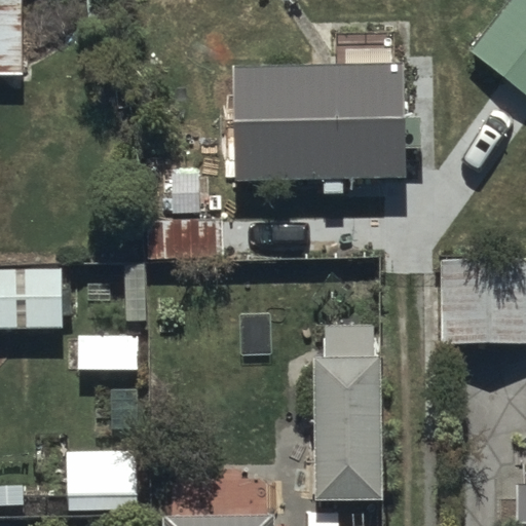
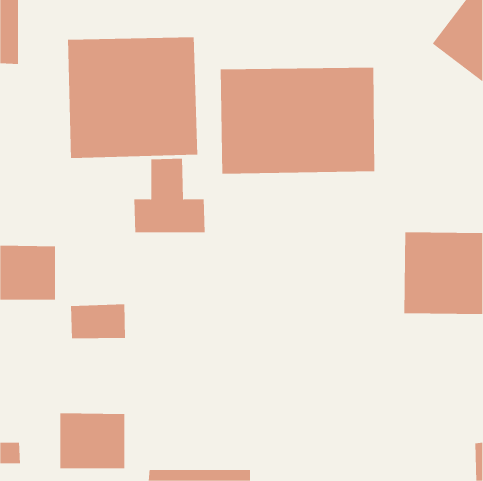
building: none -> [68,37,198,159]
building: [314,329,386,506] -> none

